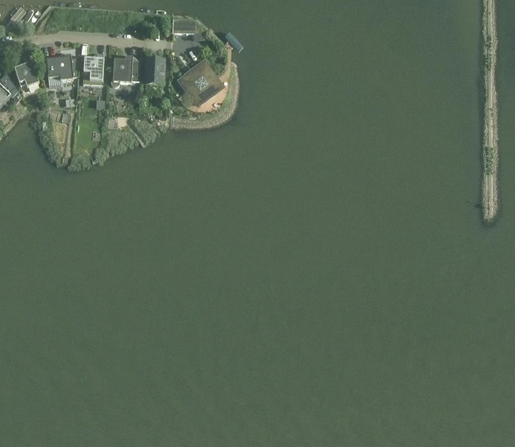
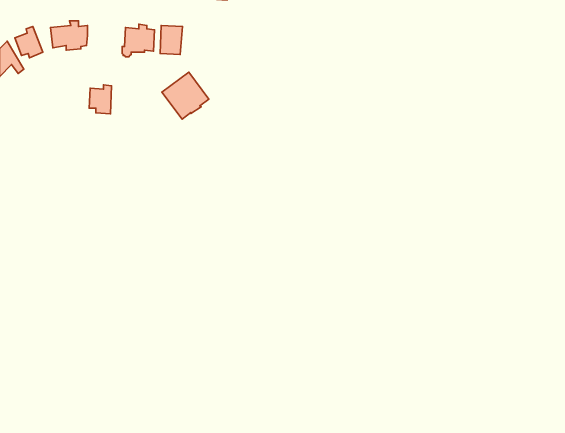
building: [83,53,104,80] -> [89,85,111,114]
building: [180,60,222,103] -> [162,72,209,119]

